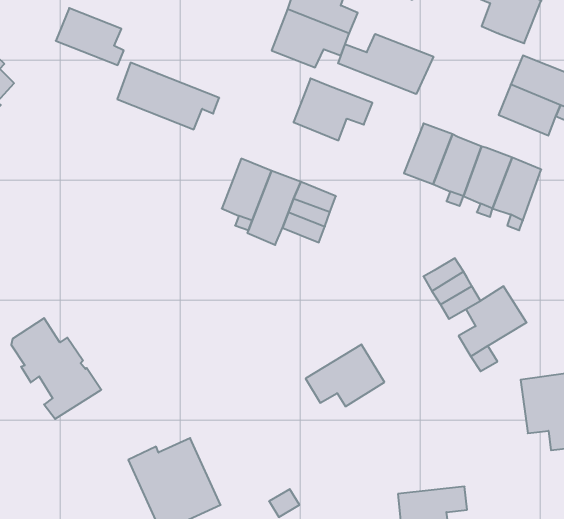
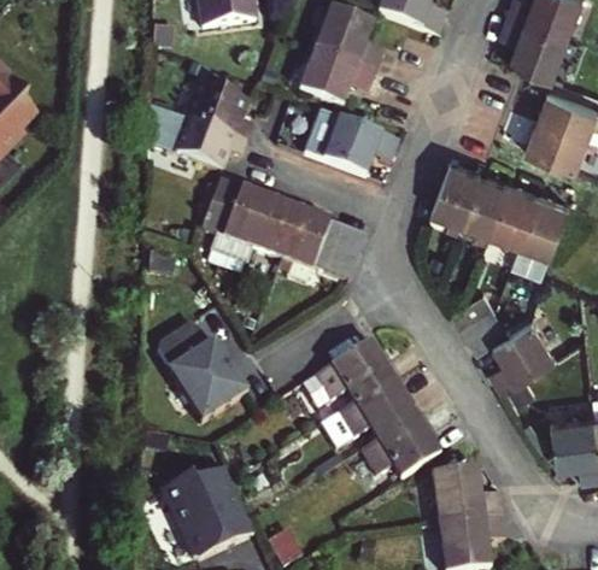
building: [56,8,124,65] -> [188,75,256,131]
building: [338,34,433,94] -> none
building: none -> [200,172,271,258]
building: none -> [303,339,391,417]
building: [11,318,101,419] -> [154,321,244,421]
building: none -> [358,413,438,476]
building: none -> [421,470,493,524]

